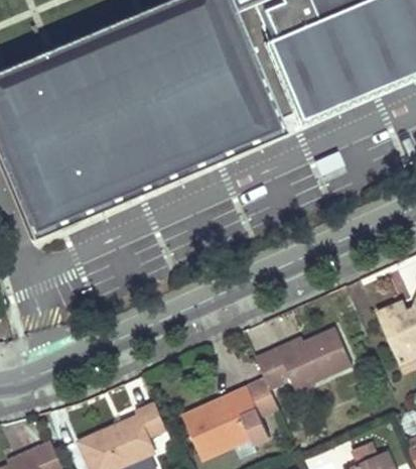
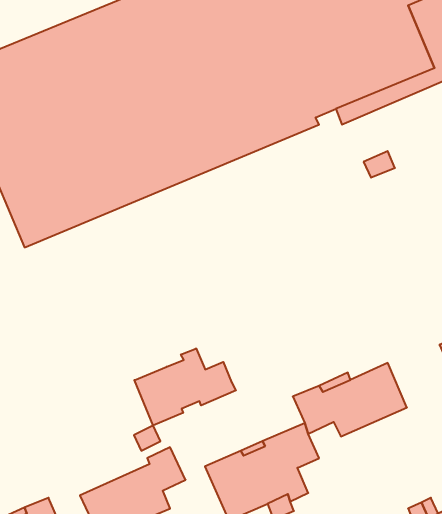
building: none -> [134,348,236,426]

